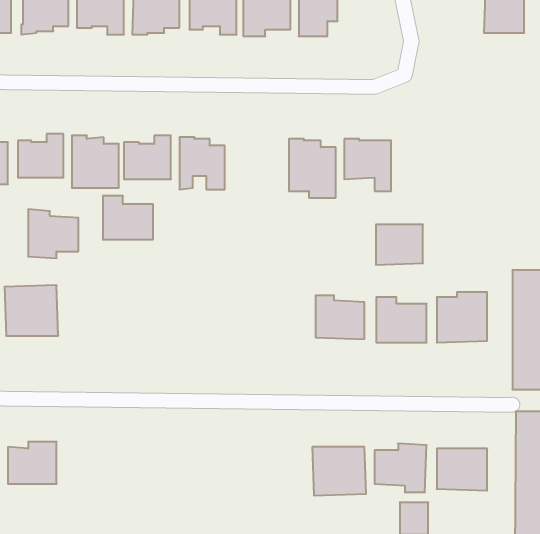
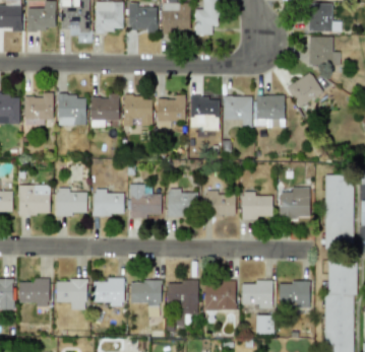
building: none -> [308,37,332,65]
building: none -> [286,72,322,108]
building: none -> [157,94,184,121]
building: [103,196,153,240] -> [94,188,124,214]
building: [28,209,78,258] -> [56,187,86,216]
building: [376,224,423,265] -> [255,95,284,120]
building: none -> [129,184,161,217]
building: none -> [167,188,197,216]
building: none -> [93,277,124,305]
building: none -> [56,279,86,309]
building: none -> [168,279,198,325]
building: none -> [130,280,161,315]

